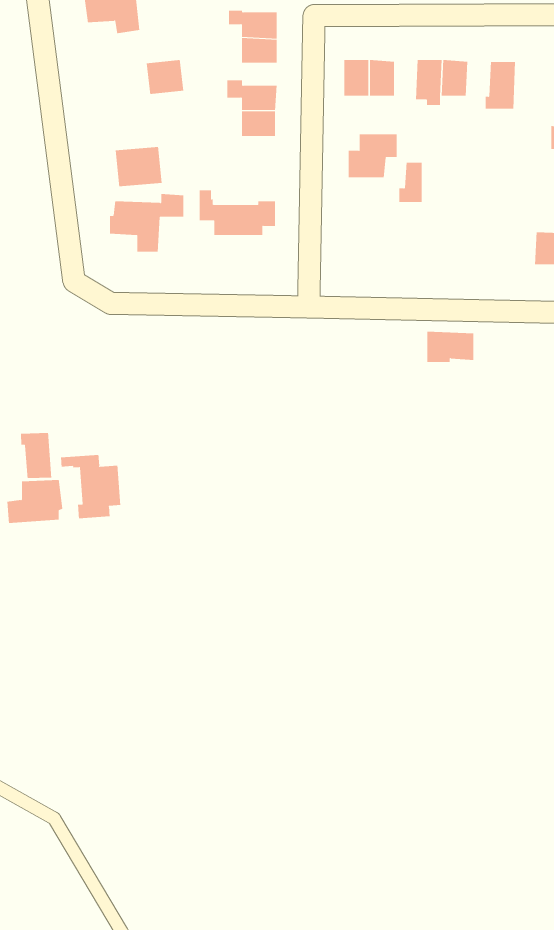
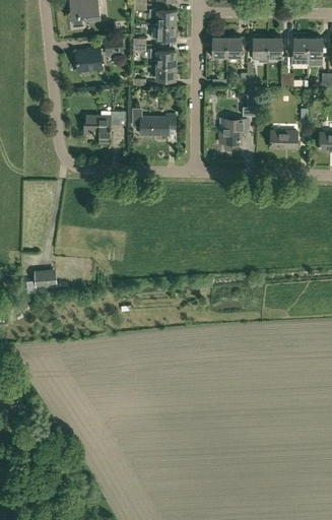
building: none -> [308,38,323,65]
building: [348,134,397,178] -> [219,119,247,143]
building: [115,146,163,187] -> [76,49,103,71]
building: [427,331,474,362] -> [271,131,297,148]
building: [21,432,52,479] -> none
building: [61,454,121,519] -> none

